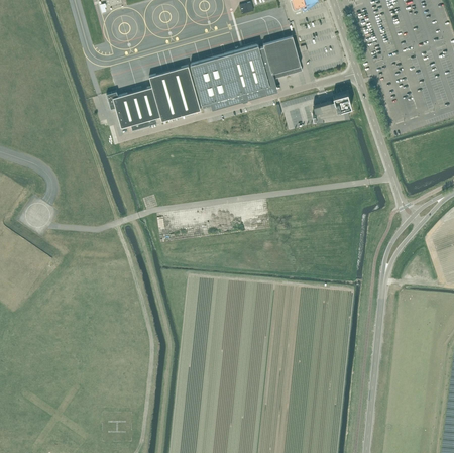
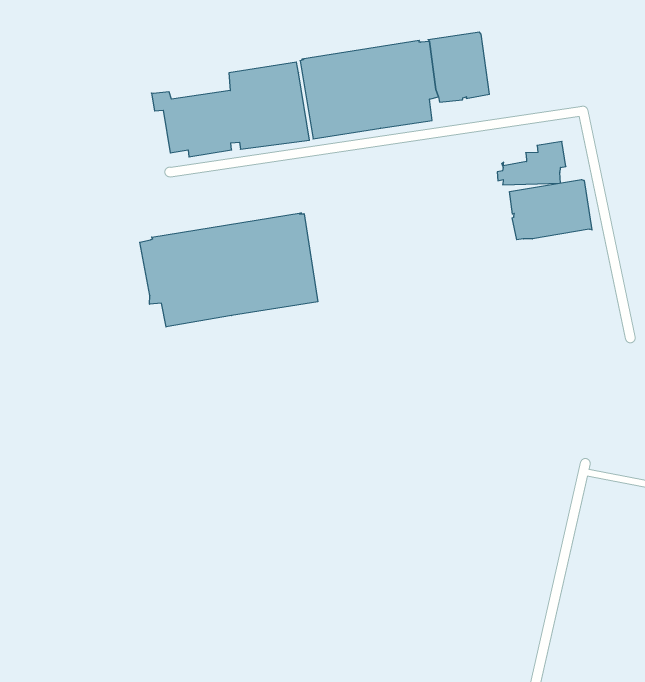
building: none -> [510,180,592,240]
building: none -> [140,213,318,327]

